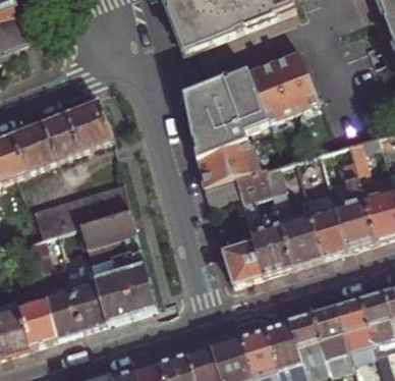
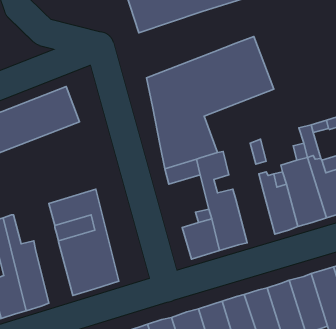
building: [266,167,321,268] -> none
building: [33,183,130,238] -> none
building: [66,267,106,332] -> none

